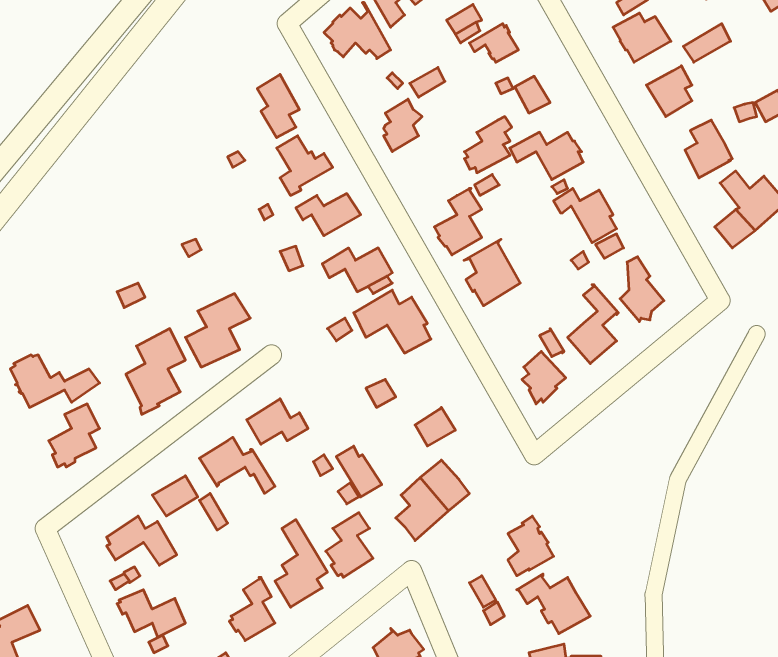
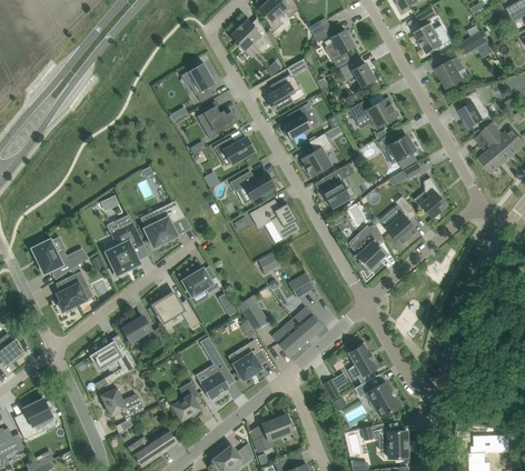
building: [464,117,512,173] -> [281,103,311,139]

